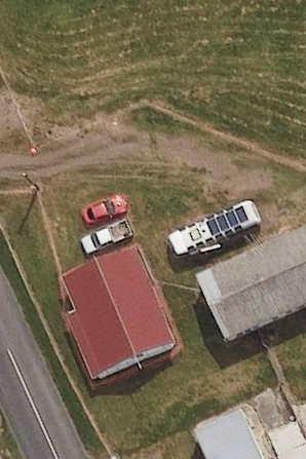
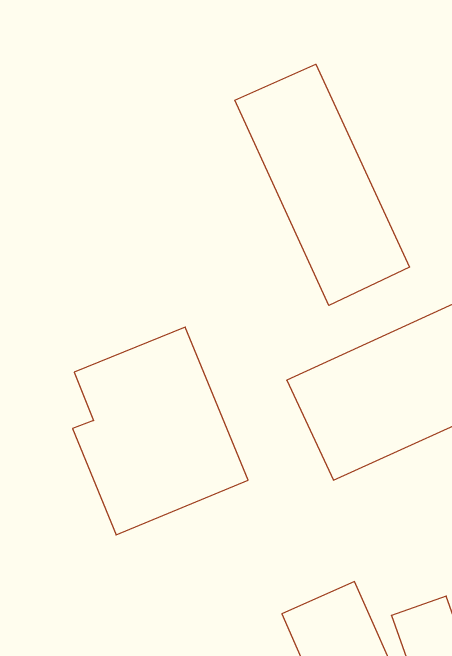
building: none -> [235,64,410,305]

